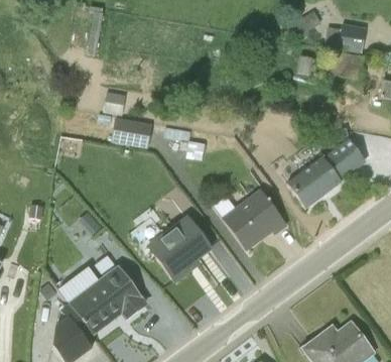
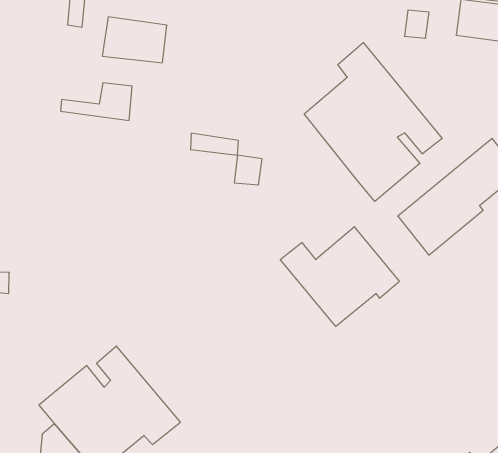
building: none -> [304,42,442,201]
building: [112,117,153,147] -> [102,17,167,63]
building: [149,216,213,282] -> none

